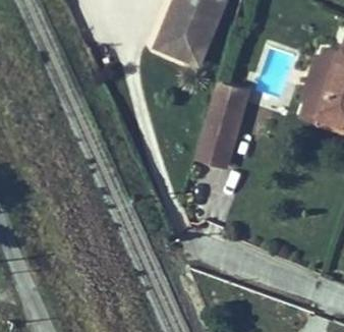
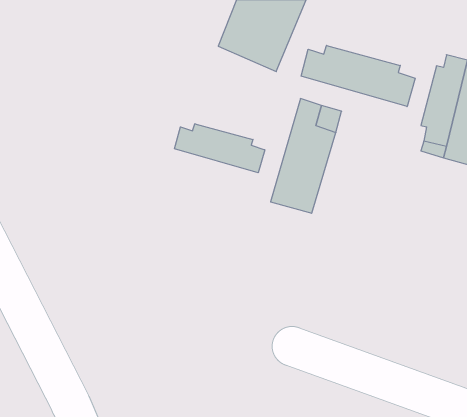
building: none -> [301,45,415,107]
building: none -> [175,124,265,173]

